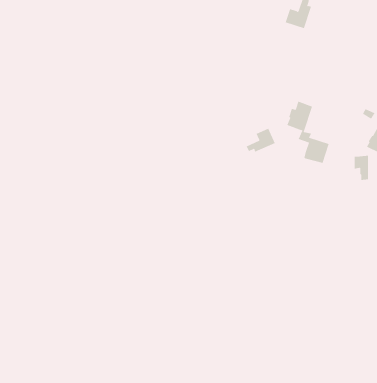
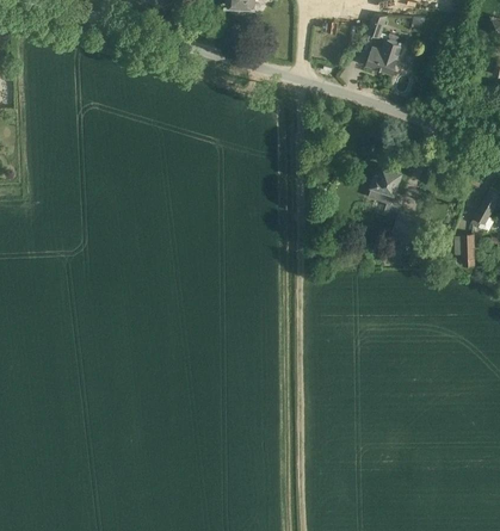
building: [246,128,276,153] -> none

